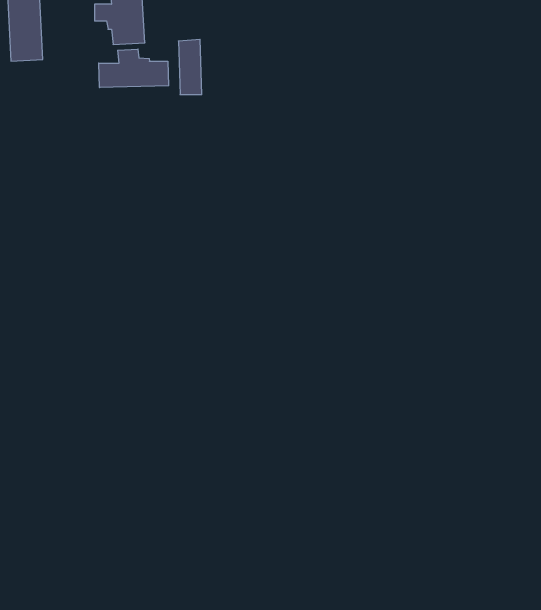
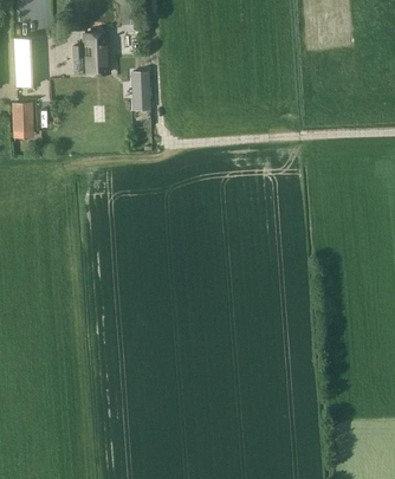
building: [99,49,169,88] -> none
building: none -> [13,105,34,135]

